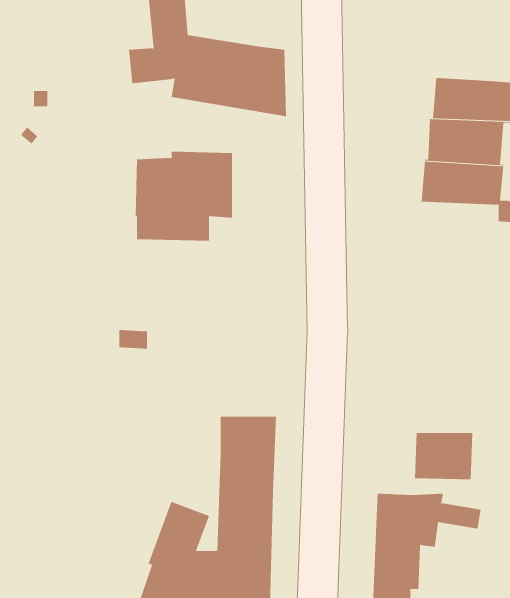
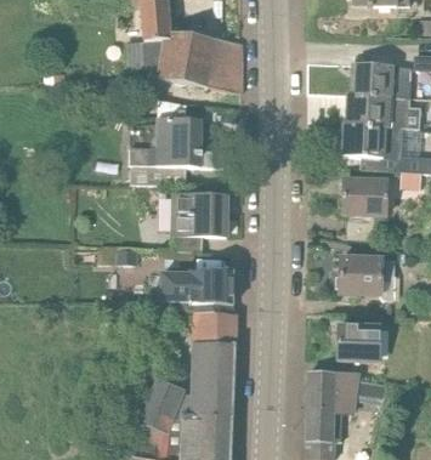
building: none -> [344,180,389,215]
building: none -> [170,195,227,237]
building: none -> [340,259,395,294]
building: none -> [161,272,233,314]

